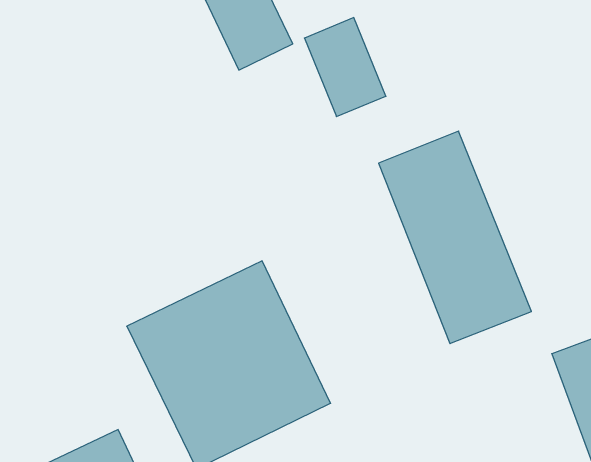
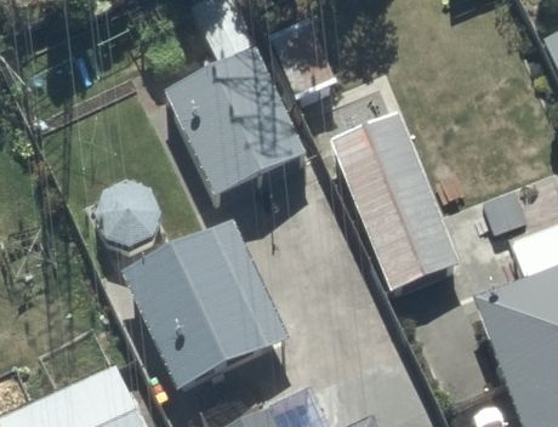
building: none -> [161,46,311,200]

